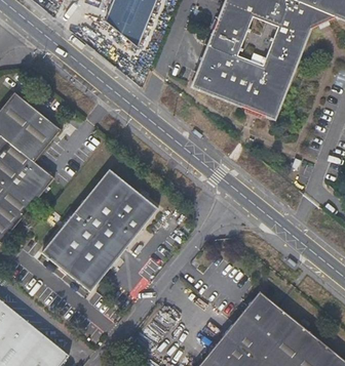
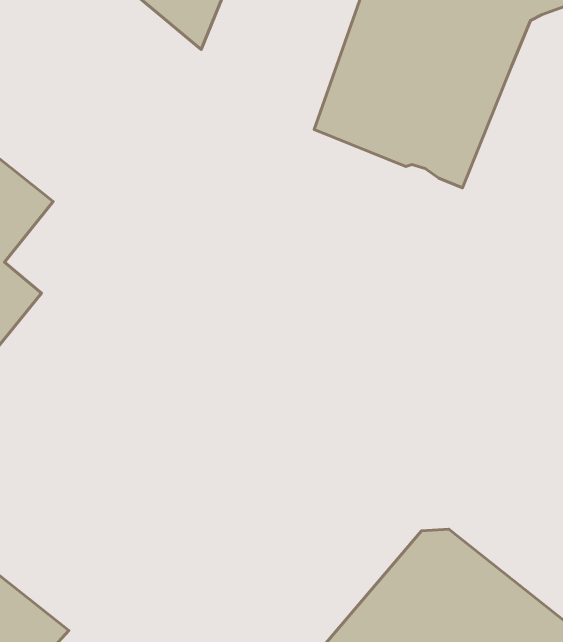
building: [40,167,157,291] -> none

